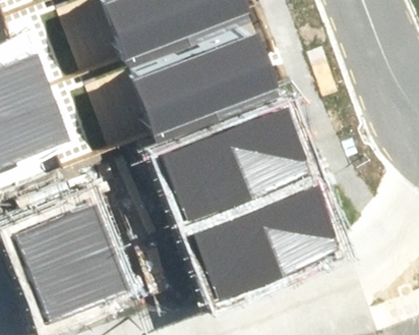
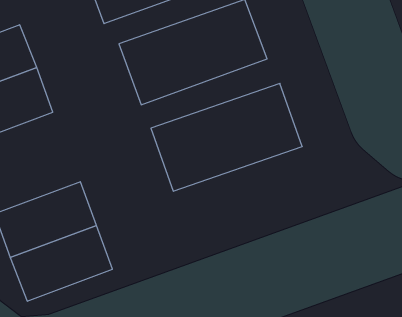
building: [193,188,337,292] -> none

